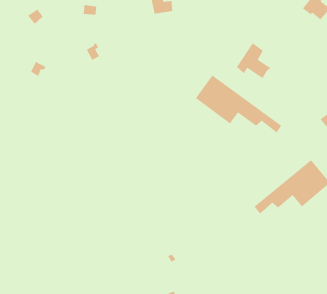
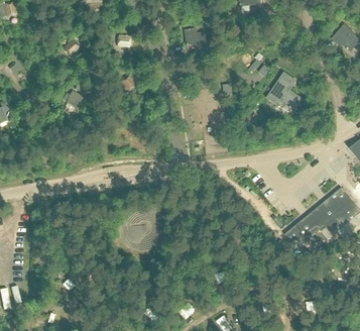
building: [195,75,282,134] -> none

